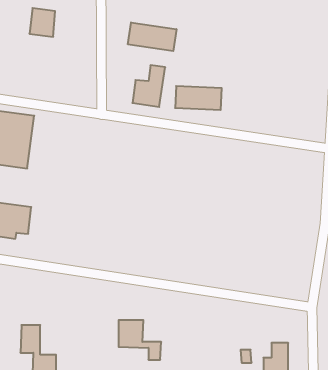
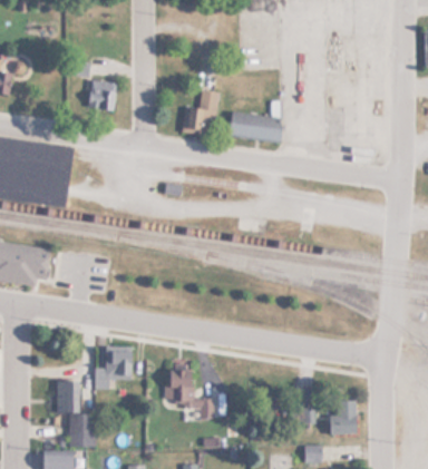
building: [29,8,55,37] -> [86,79,115,111]
building: [128,22,176,51] -> none
building: none -> [95,358,130,389]

